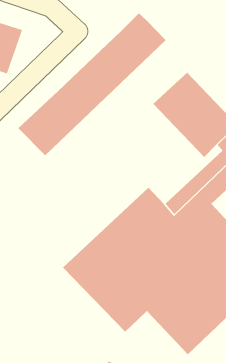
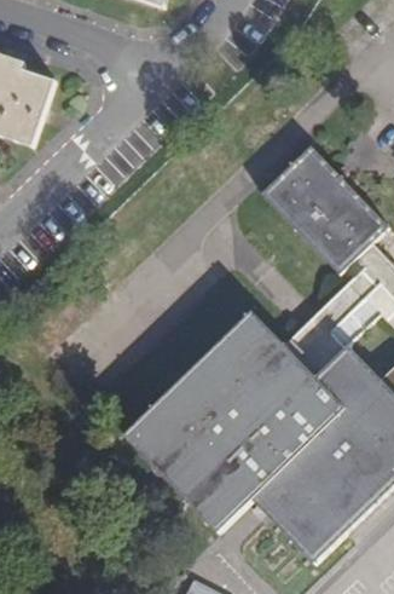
building: [18,13,166,156] -> none

